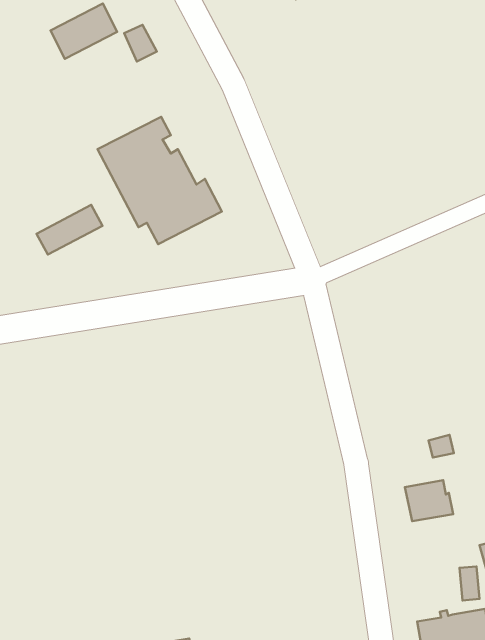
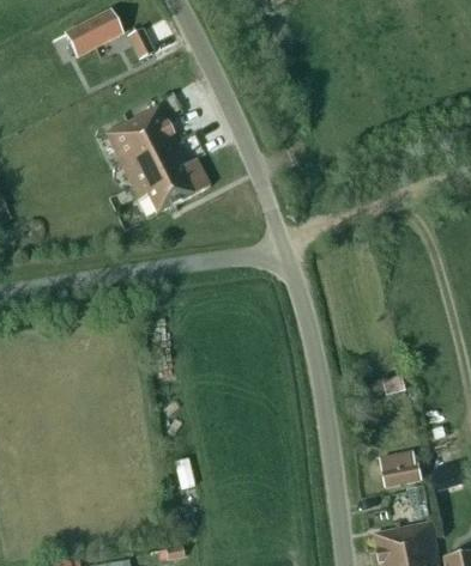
building: [37,205,103,255] -> none
building: [405,480,453,521] -> [381,451,422,486]

